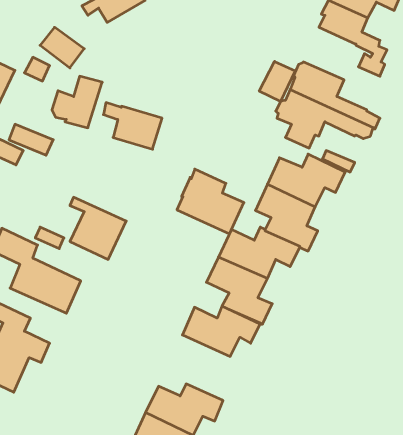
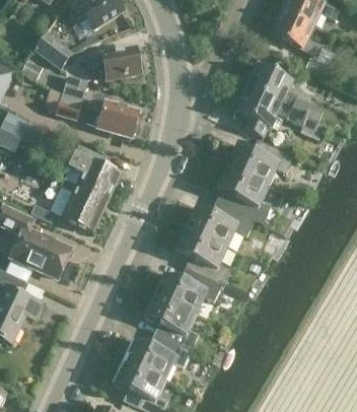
building: none -> [84,47,140,80]
building: [259,61,295,101] -> none
building: [177,169,244,234] -> [63,143,120,198]
building: none -> [145,294,198,350]

